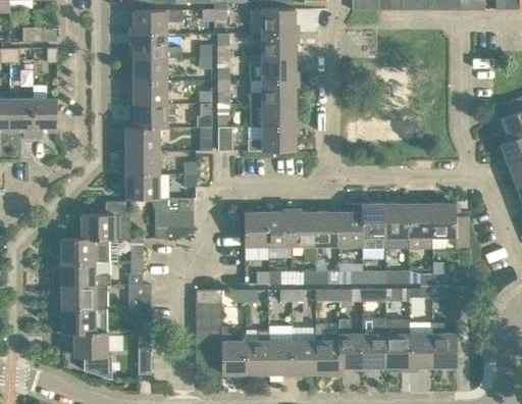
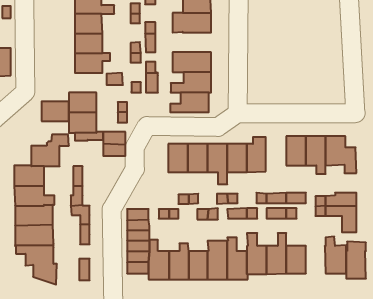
building: [250,80,296,103] -> [170,93,209,112]
building: [126,128,159,151] -> [42,101,69,121]
building: [361,203,385,248] -> none
building: [409,322,432,366] -> [346,242,366,279]

